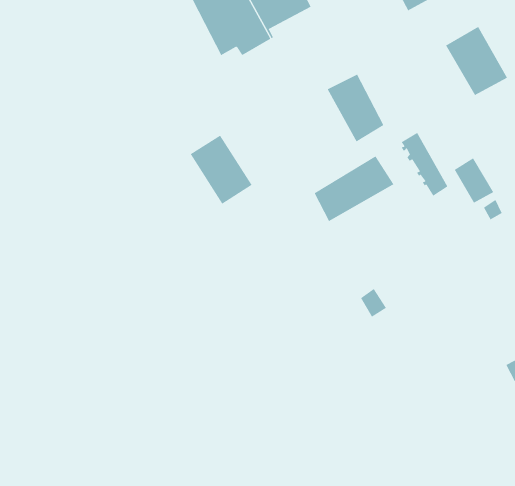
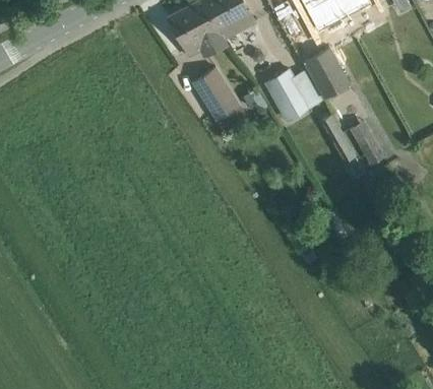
building: [445,26,508,96] -> [304,48,350,99]
building: [190,135,253,204] -> [192,68,238,119]
building: [314,156,394,222] -> none

